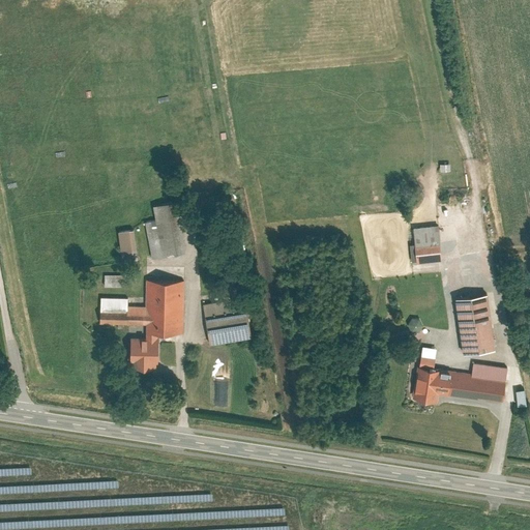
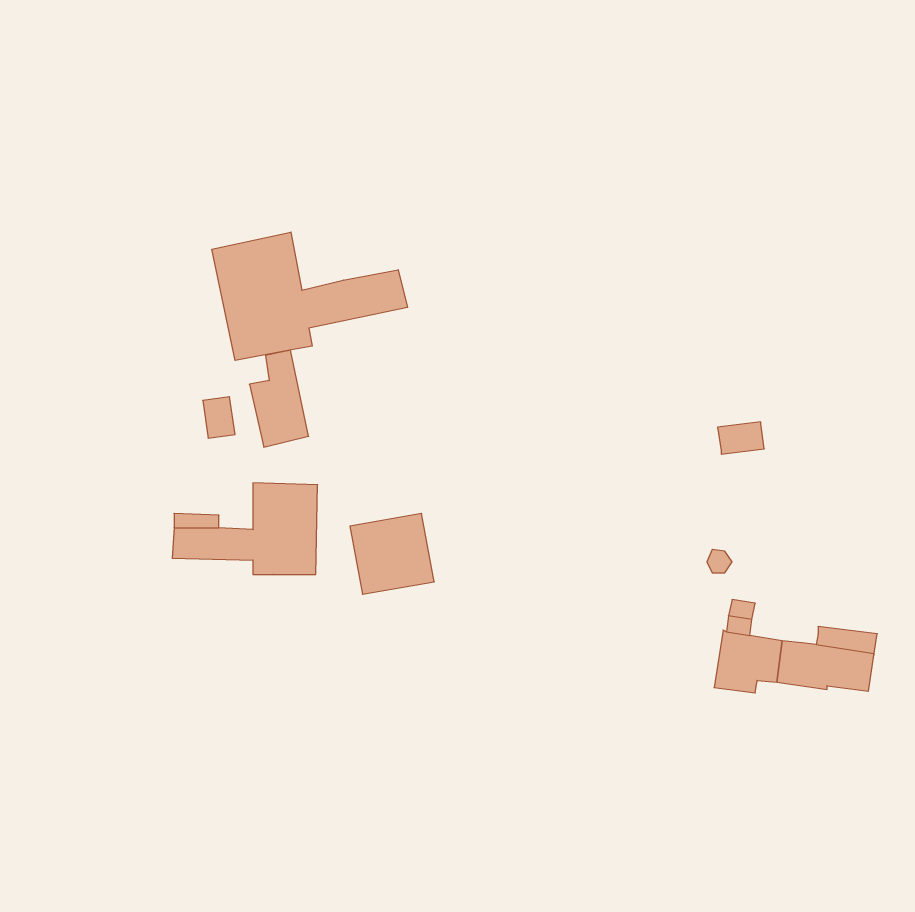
building: none -> [212,232,408,360]
building: [412,228,442,249] -> none
building: [455,295,495,355] -> none
building: [130,334,158,370] -> none

